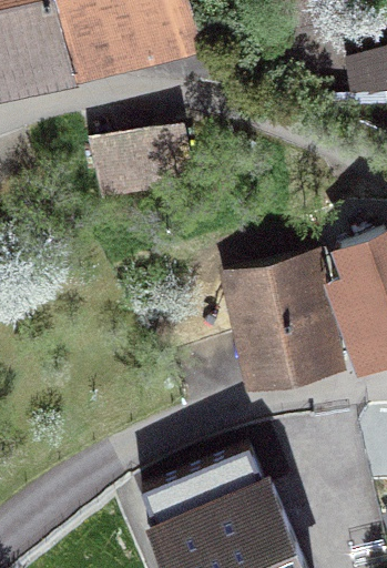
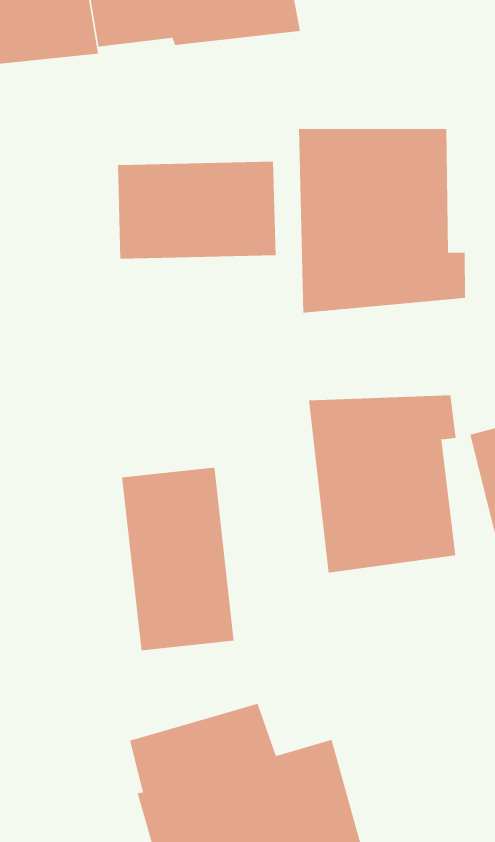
building: none -> [298,128,466,313]
building: none -> [122,467,234,651]

